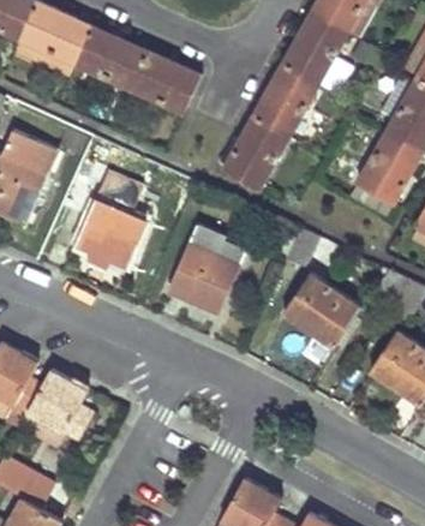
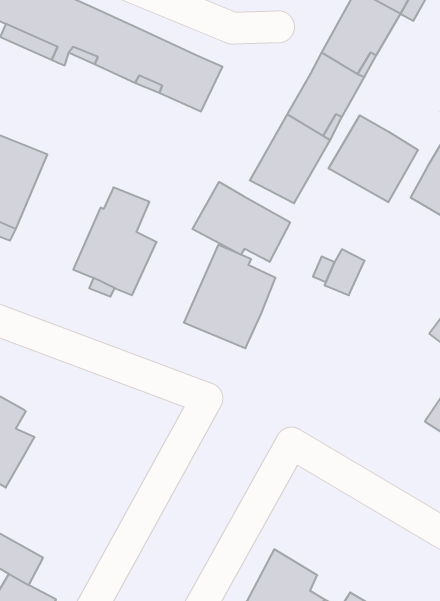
building: none -> [329,115,418,202]
building: none -> [192,182,290,262]
building: [282,271,359,346] -> none
building: [18,371,90,447] -> none

